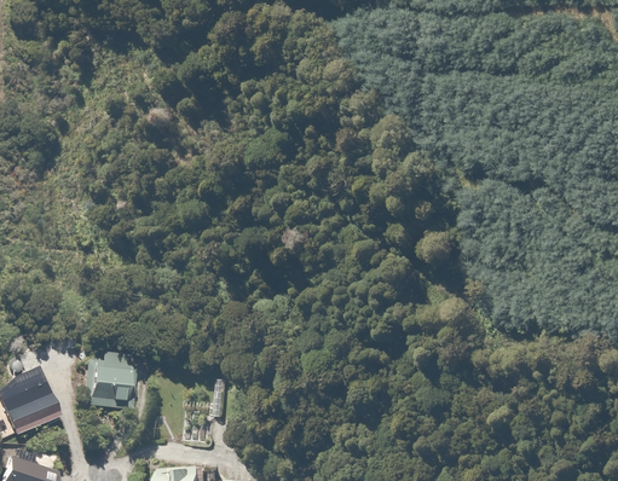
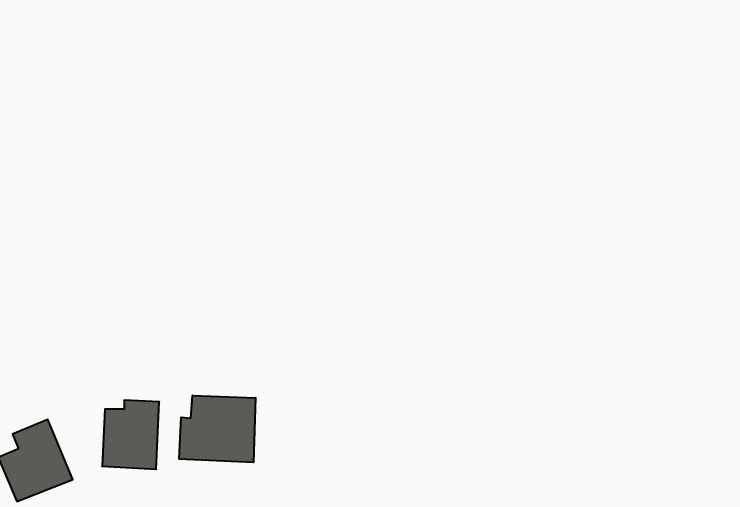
building: none -> [179,395,256,462]

